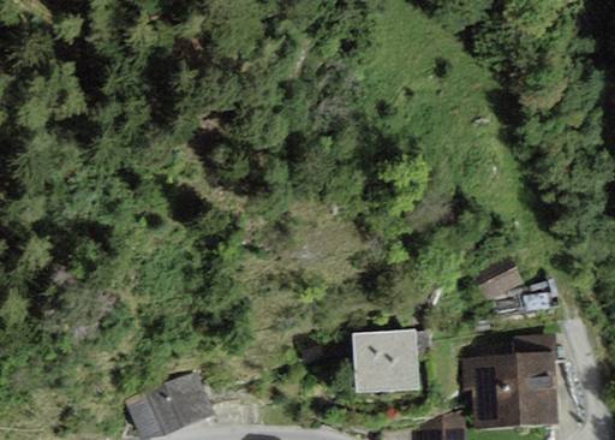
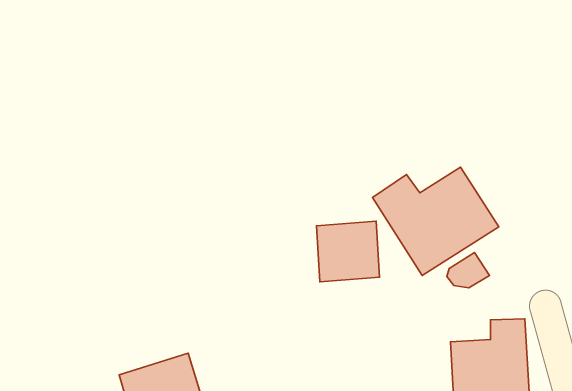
building: none -> [372,167,499,275]
building: [353,329,419,393] -> [316,221,379,282]

